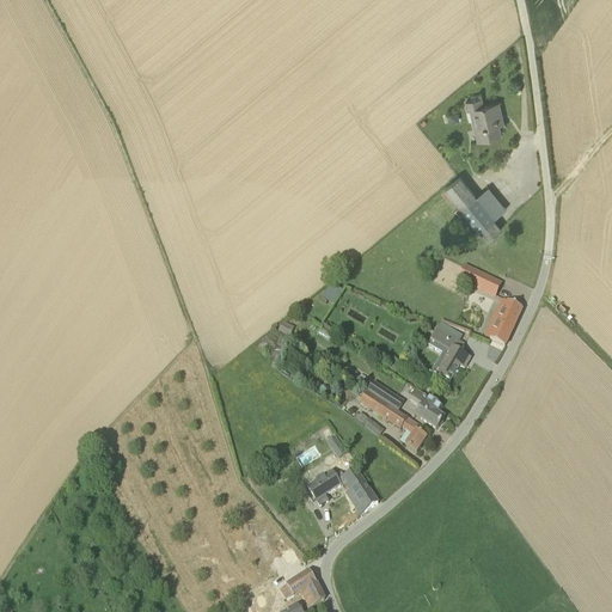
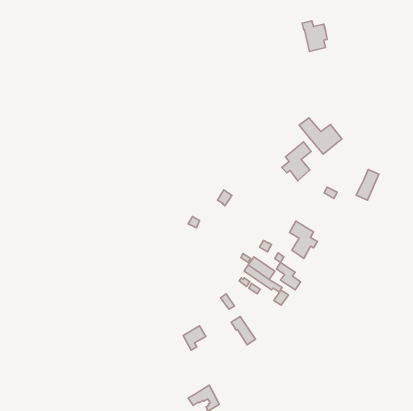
building: [466,94,503,140] -> [302,21,327,52]
building: none -> [282,142,311,181]
building: [488,300,521,345] -> [356,169,379,200]
building: [307,470,341,506] -> [183,326,206,350]

